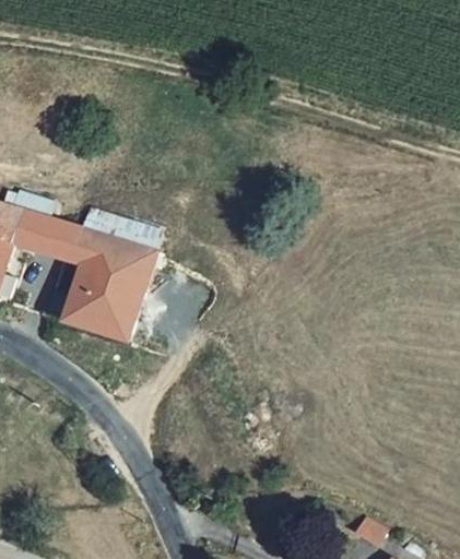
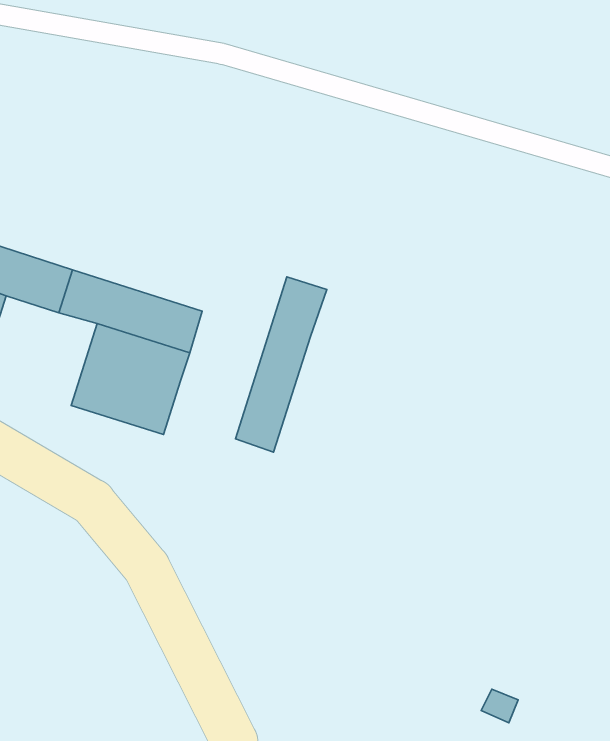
building: none -> [236,277,327,452]

